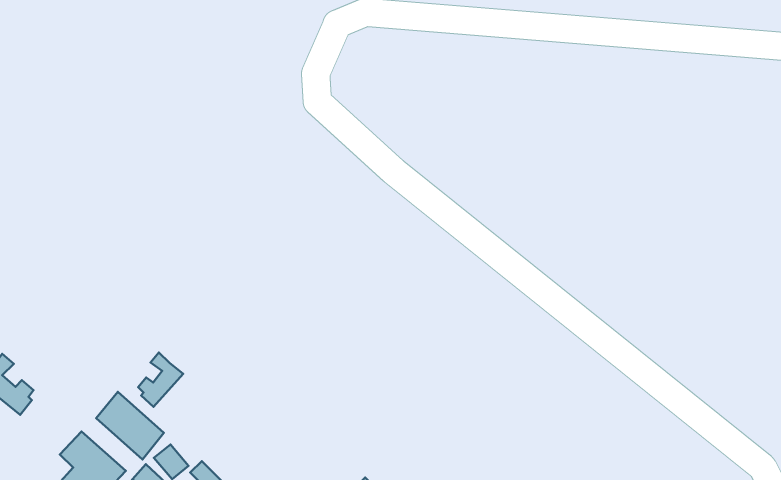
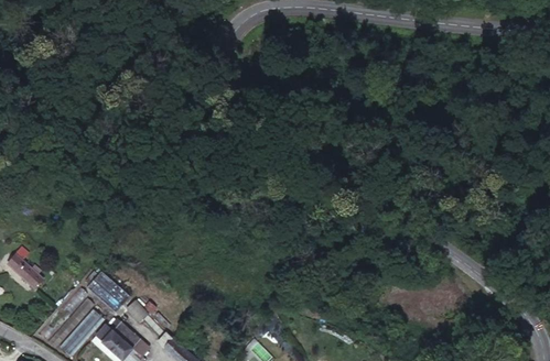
building: [138,353,183,407] -> none

